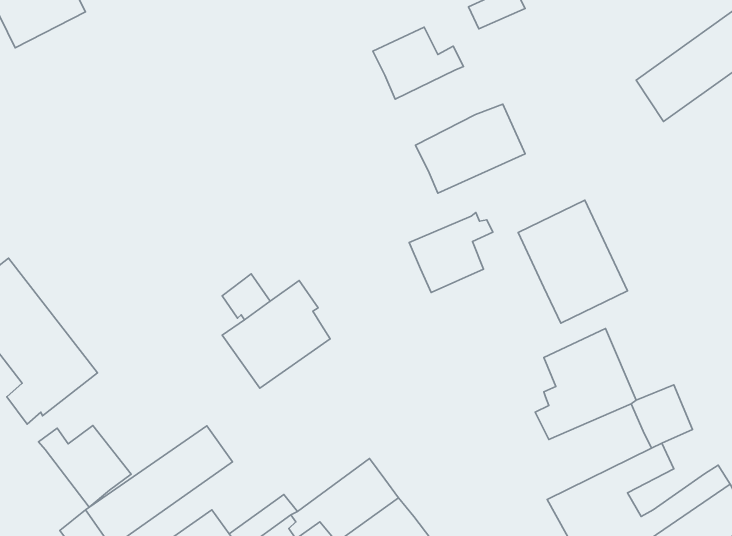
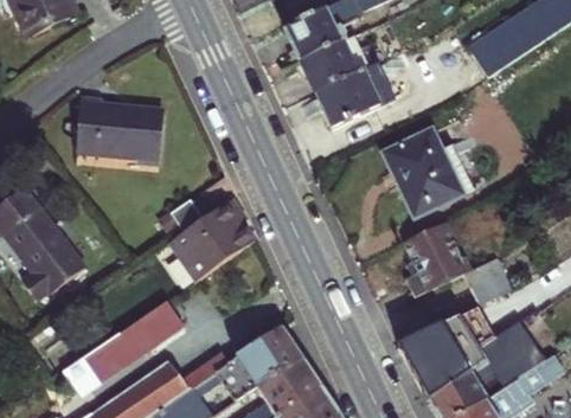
building: none -> [295,52,351,104]
building: none -> [83,107,168,174]
building: [409,213,493,292] -> none
building: [39,425,131,507] -> none

